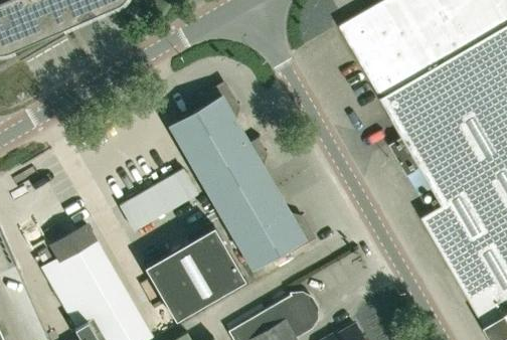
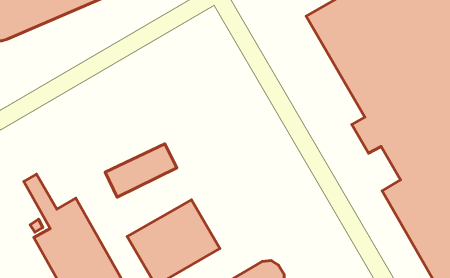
building: [169,83,313,269] -> none

